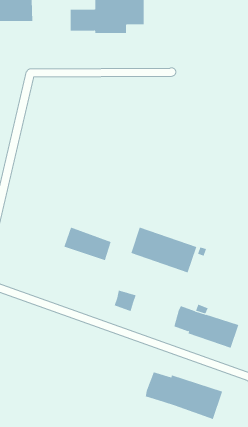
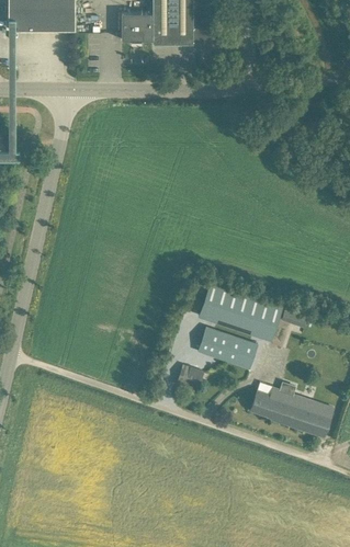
building: [63,227,112,261] -> [196,327,257,369]
building: [145,371,223,420] -> none

